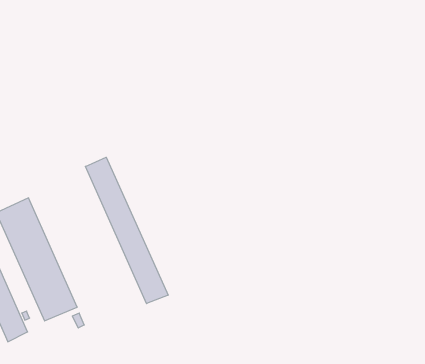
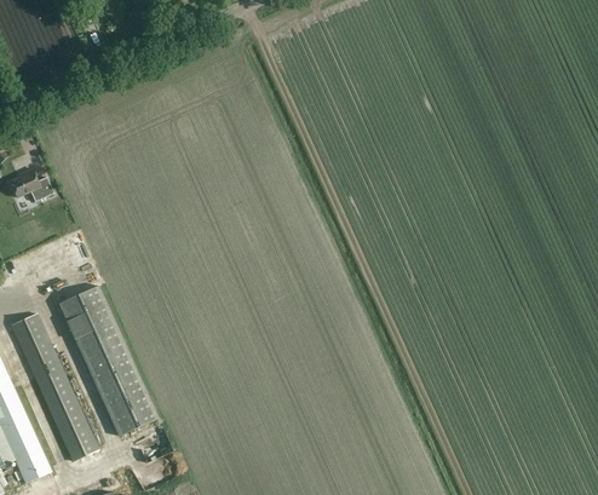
building: [85,157,168,304] -> none

